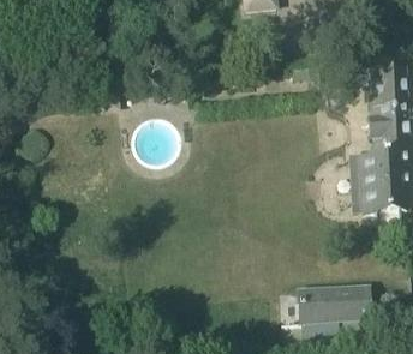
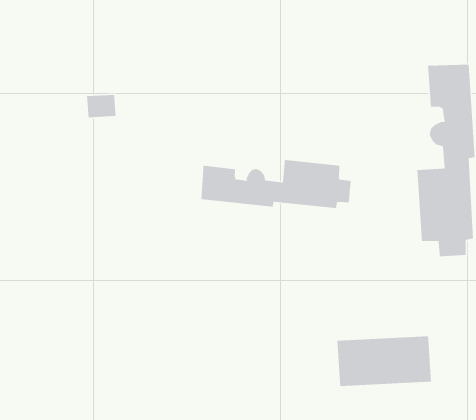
building: none -> [201,159,351,209]

